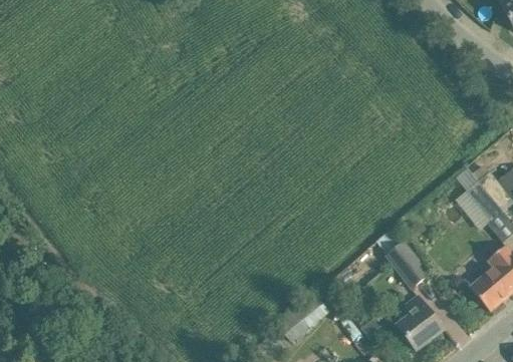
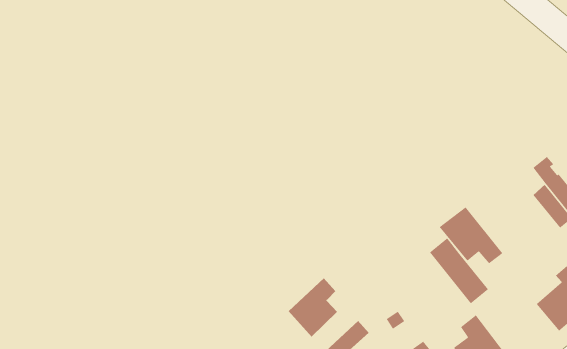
building: none -> [439,206,503,264]
building: none -> [288,277,338,337]

